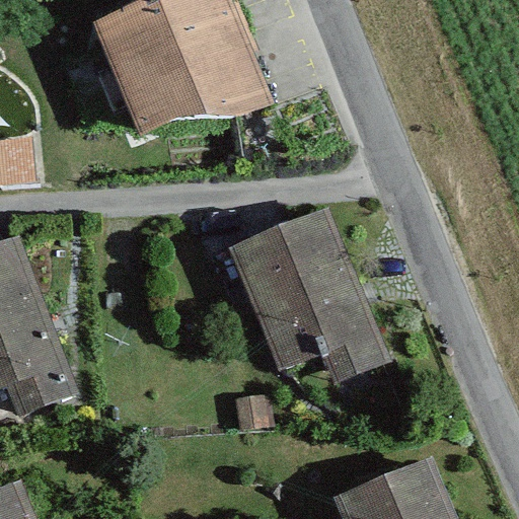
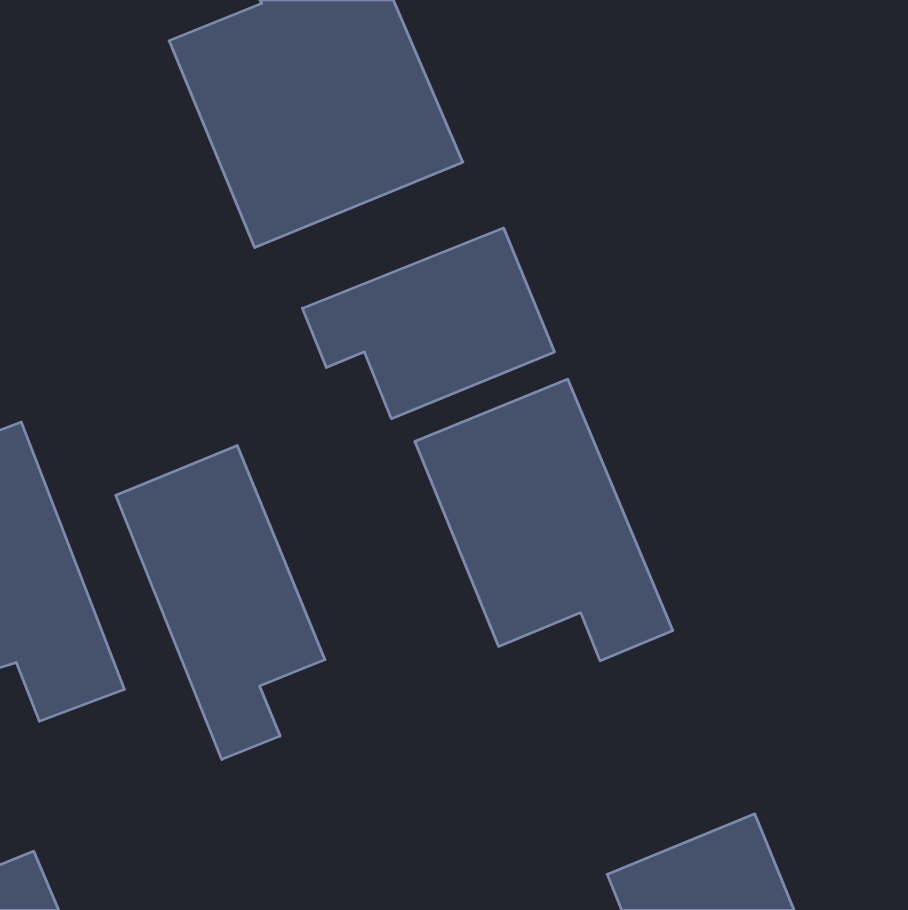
building: none -> [302,228,554,419]
building: none -> [116,445,325,760]

